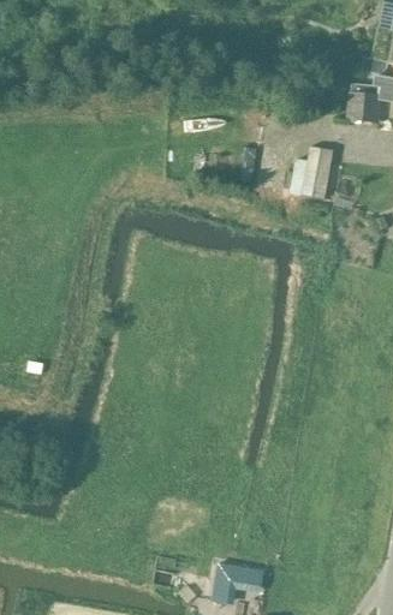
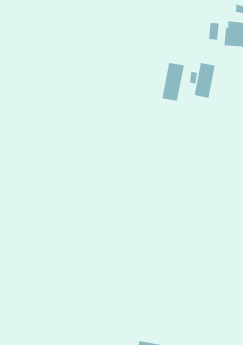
building: none -> [162,62,184,102]

